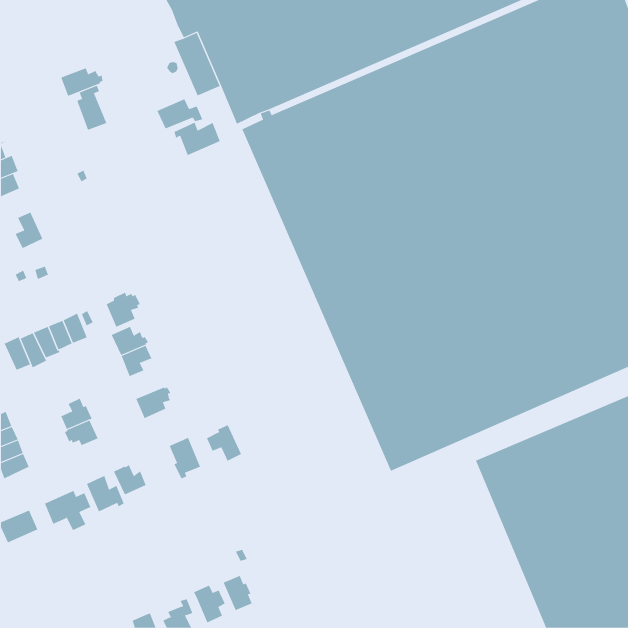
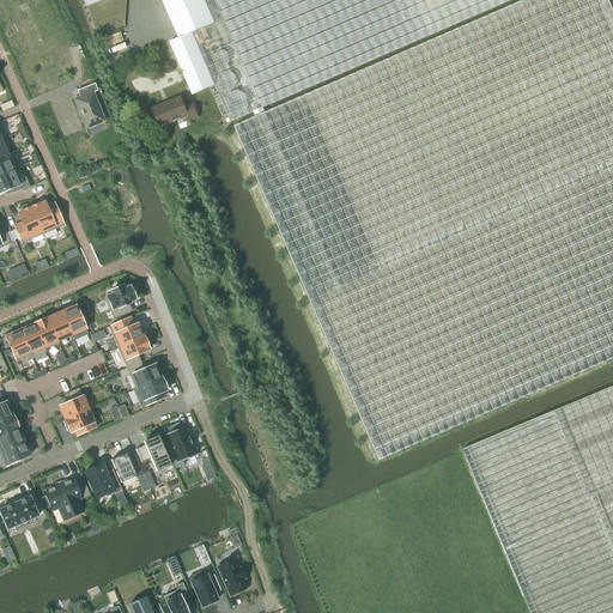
building: [60,68,103,97] -> none
building: [174,122,221,156] -> none
building: none -> [31,200,65,232]
building: none -> [127,360,162,387]
building: [206,425,242,461] -> [136,435,171,471]

